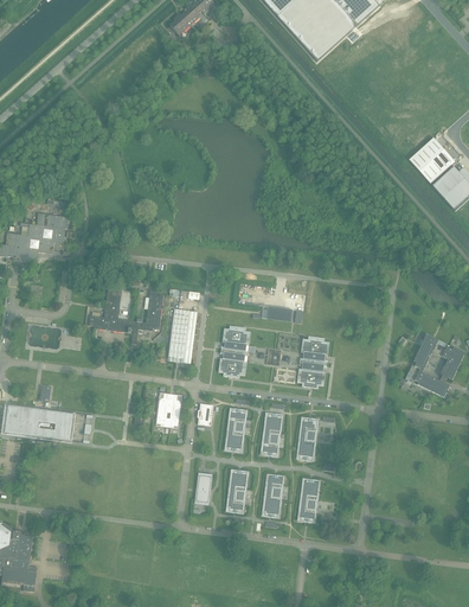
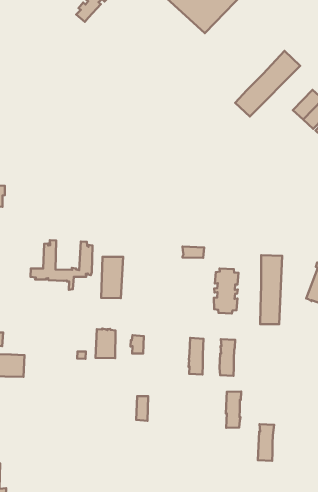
building: none -> [235,51,300,116]
building: none -> [260,255,282,324]
building: [218,325,251,377] -> none
building: [225,408,246,451] -> none
building: [227,468,248,512] -> none
building: [262,473,284,517] -> [258,424,274,461]

